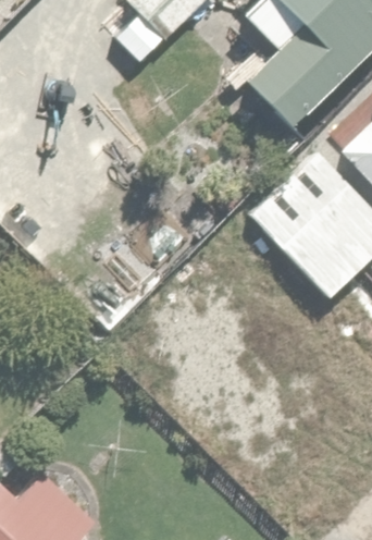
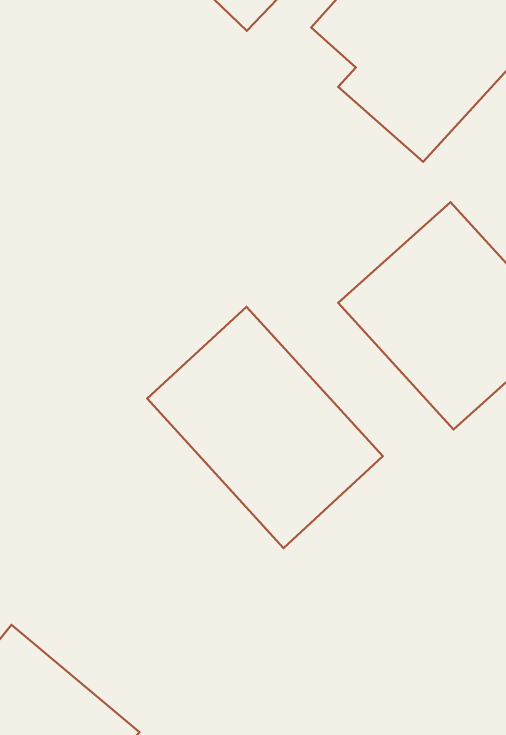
building: none -> [147,307,383,548]

